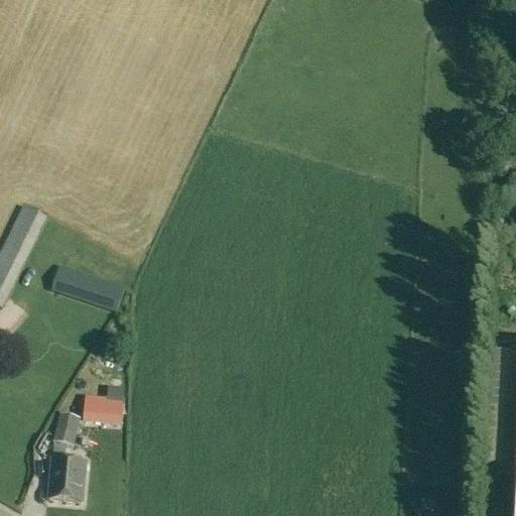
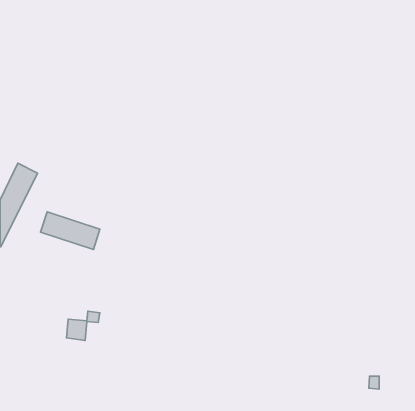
building: [51,411,81,444] -> none
building: [48,457,84,500] -> none

